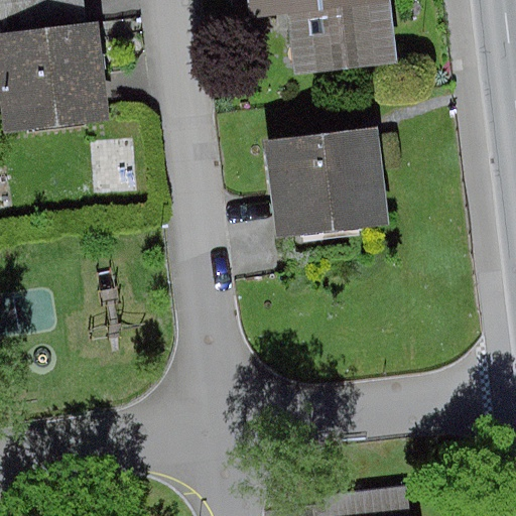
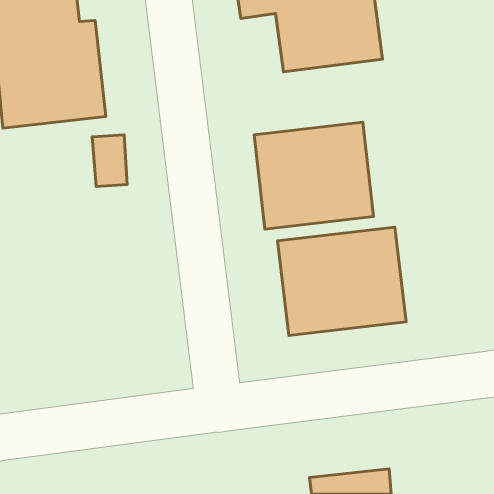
building: none -> [278,227,406,336]

